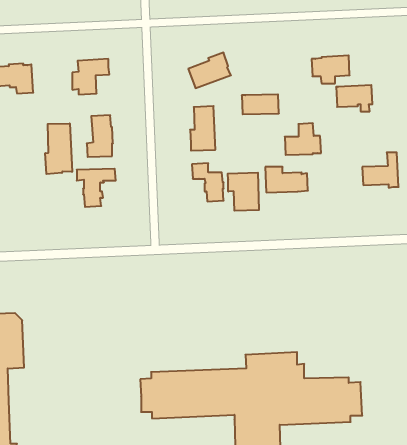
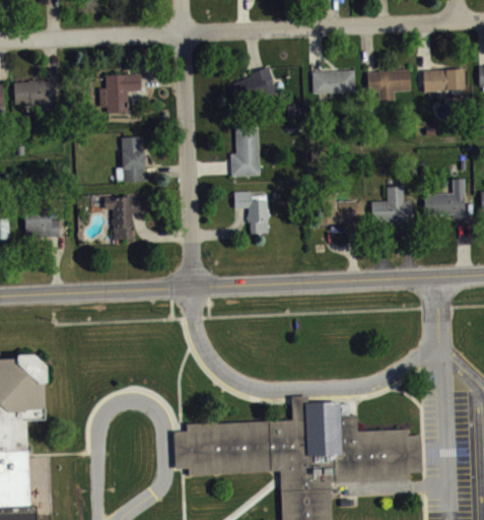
building: [336,85,372,111] -> [423,68,464,98]
building: [242,94,279,114] -> [314,72,355,94]
building: [285,123,321,155] -> [371,187,412,222]
building: [45,123,72,174] -> none
building: [228,173,259,211] -> none
building: none -> [25,212,59,238]

